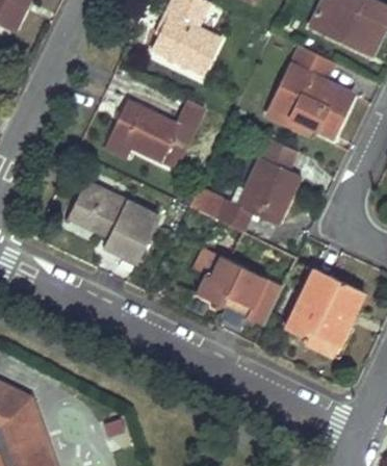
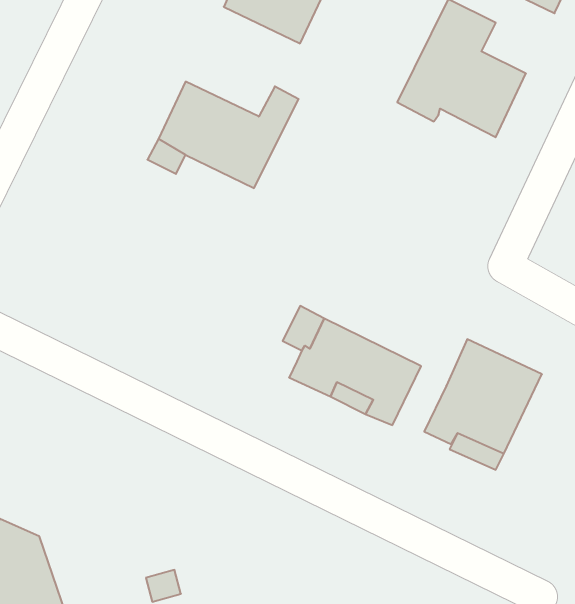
building: [189,137,302,232] -> none
building: [70,183,159,261] -> none

